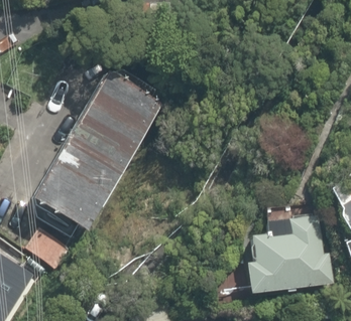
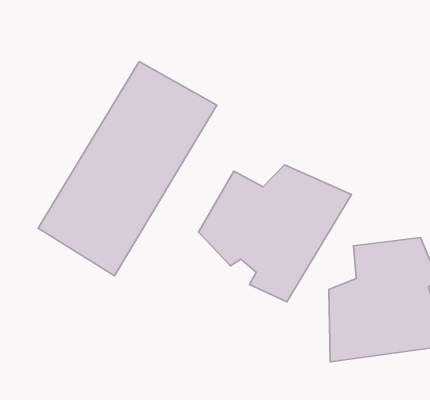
building: none -> [199,165,351,302]

